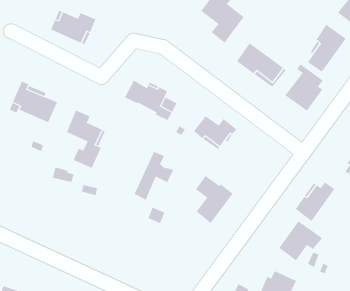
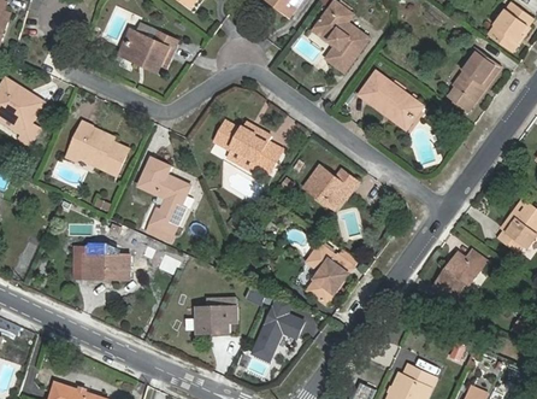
building: [285,63,324,112] -> none
building: [134,151,174,201] -> [252,297,303,360]
building: none -> [73,247,129,278]
building: none -> [196,298,235,331]
building: [279,220,323,261] -> none

